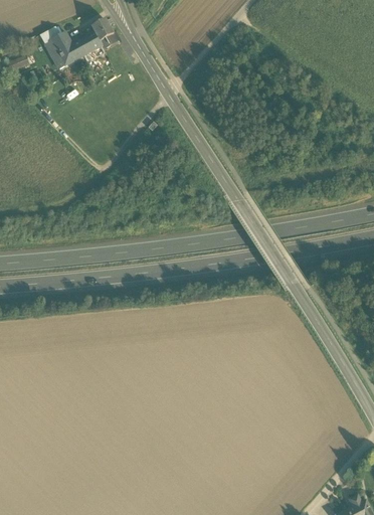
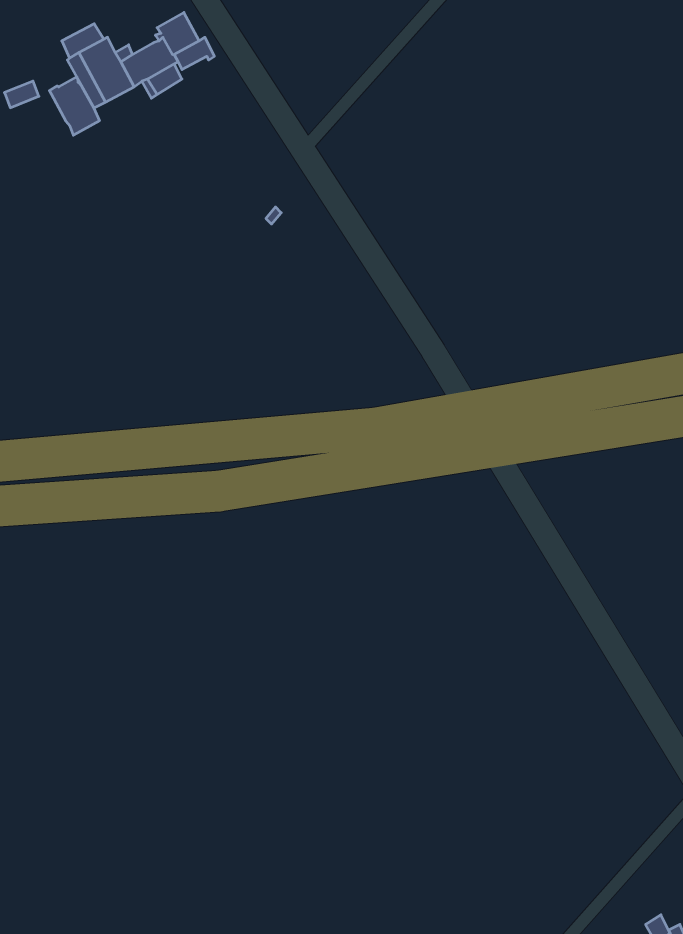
building: none -> [49,77,99,135]

